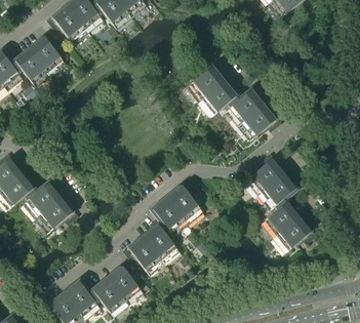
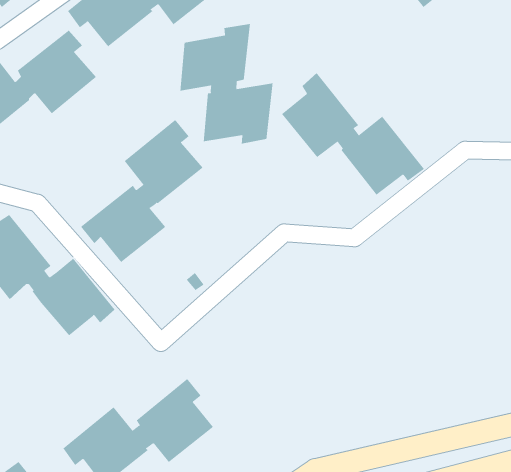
building: none -> [180,23,273,144]
building: [246,153,316,252] -> none
building: [122,179,203,274] -> [80,119,204,263]

